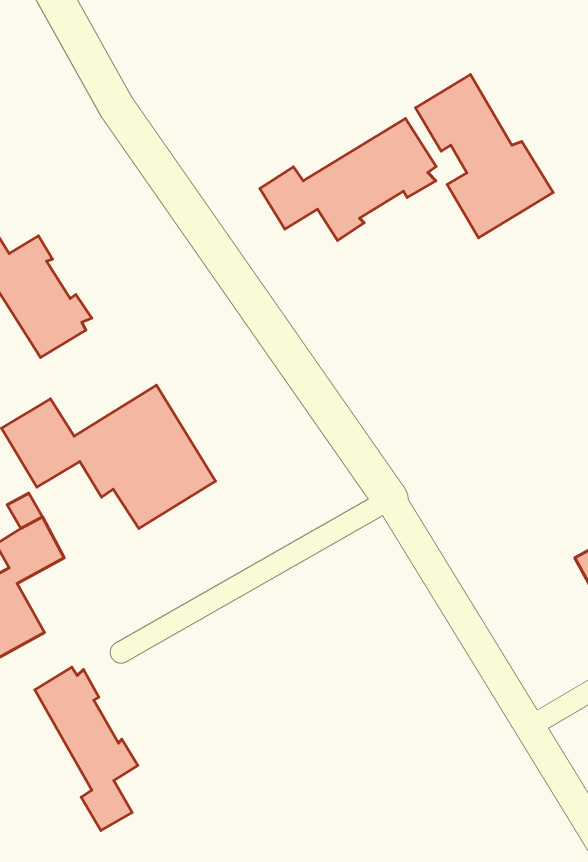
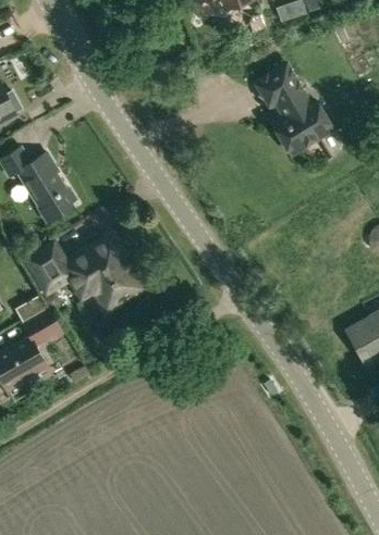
building: [260,118,436,240] -> none
building: [35,667,138,831] -> none

